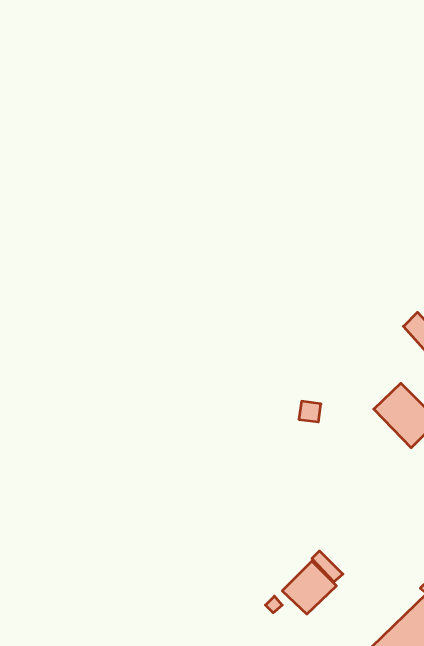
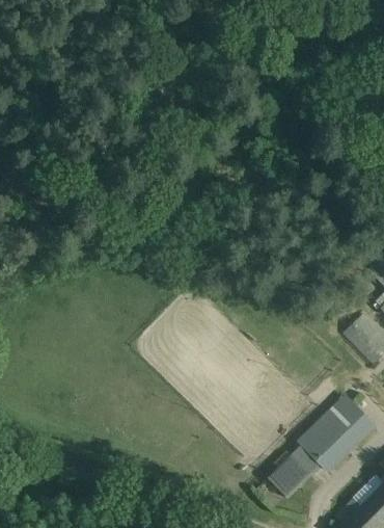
building: none -> [305,400,373,467]

